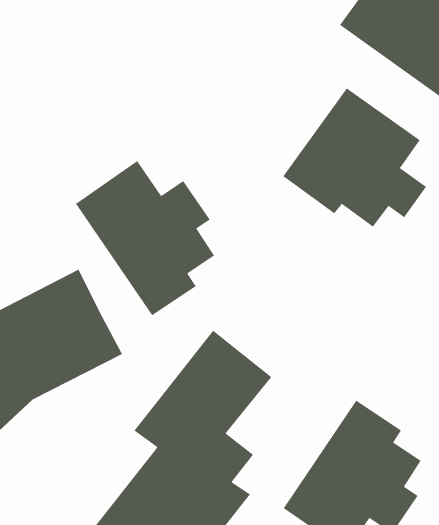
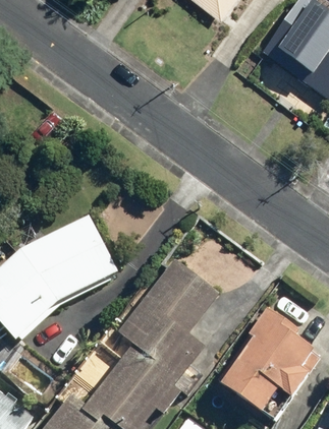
building: [283,87,427,227] -> none
building: [75,160,215,316] -> none

